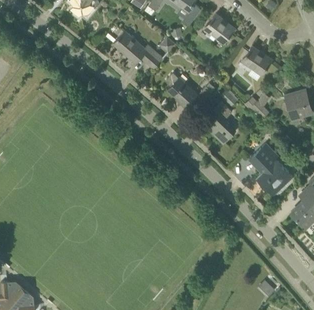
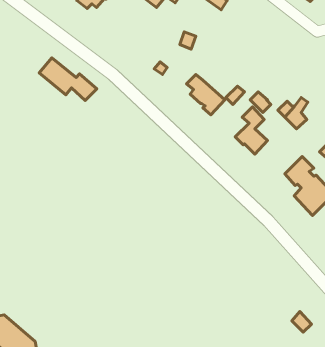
building: [204,14,235,43] -> none
building: [113,31,163,68] -> [39,58,97,101]
building: [241,46,272,75] -> none

